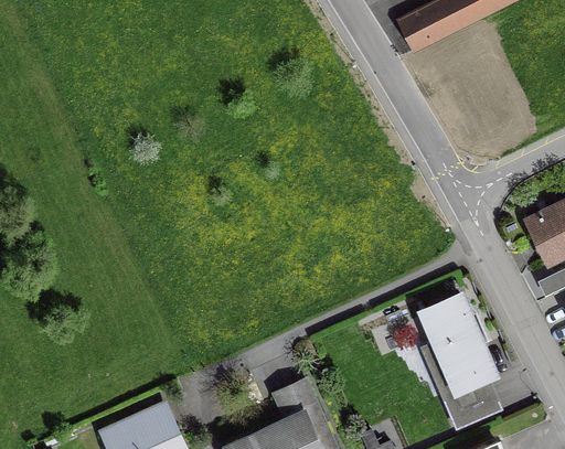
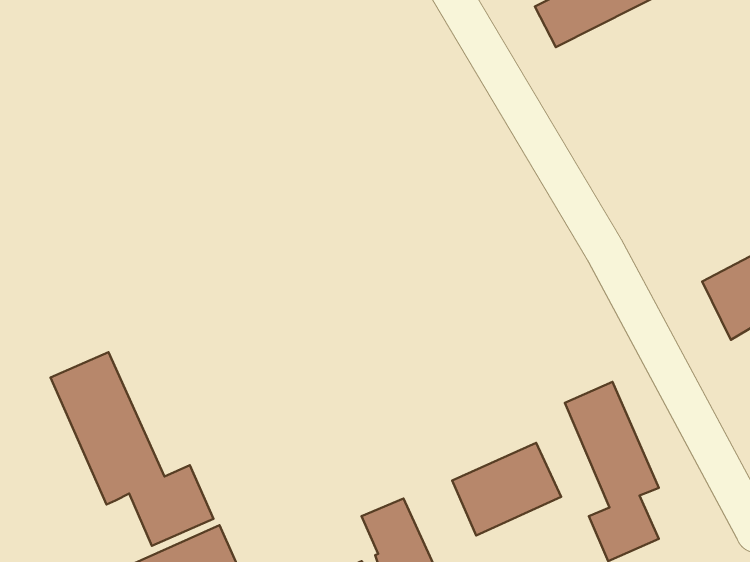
building: none -> [51,352,214,546]
building: none -> [452,443,561,536]

